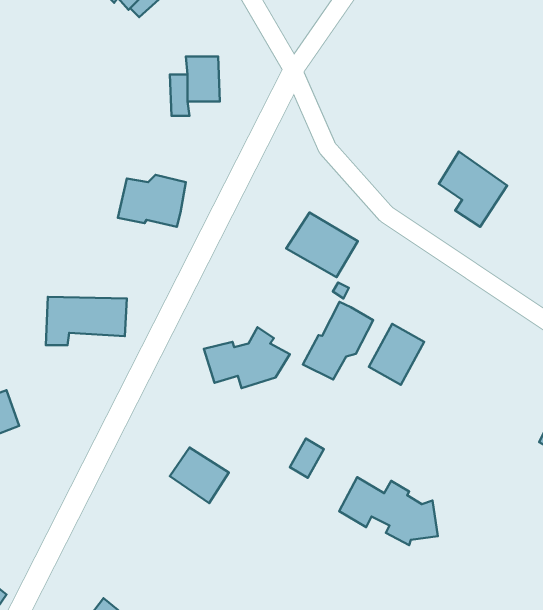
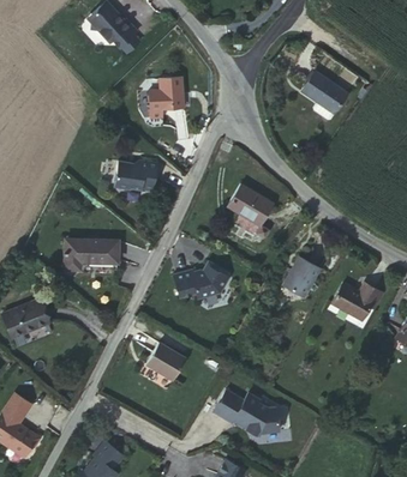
building: [439,151,507,227] -> [301,71,347,121]
building: [303,302,373,380] -> none
building: none -> [330,283,383,321]
building: [339,477,438,545] -> [211,388,277,434]

